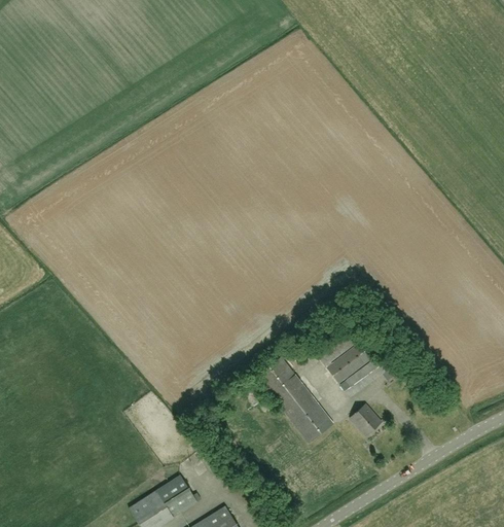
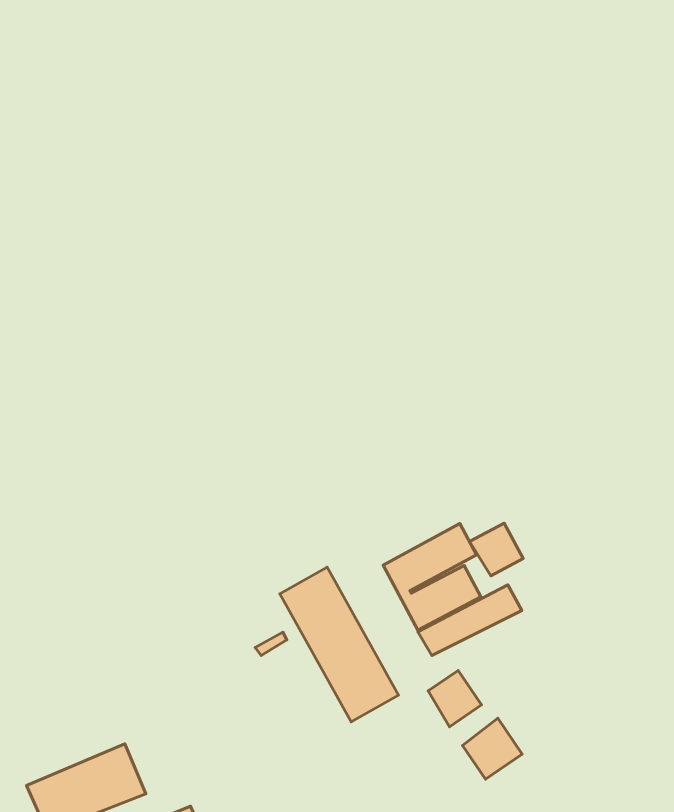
building: none -> [470,523,523,576]
building: none -> [462,718,522,779]

